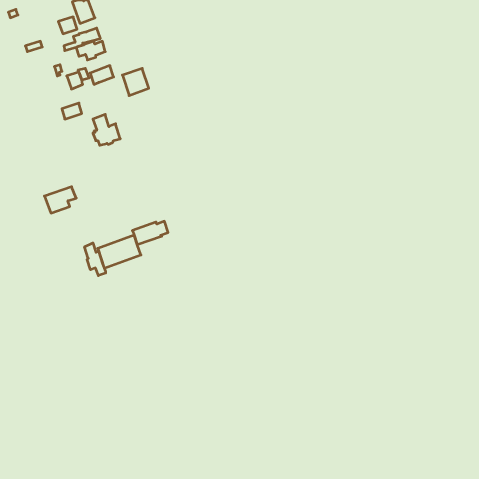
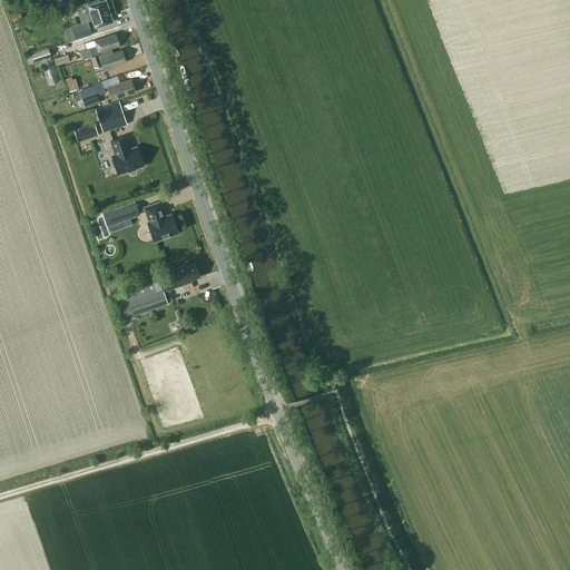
building: [122,68,149,96] -> [96,100,127,132]
building: none -> [145,203,178,240]
building: [44,187,76,213] -> [102,200,140,232]
building: [85,243,106,276] -> none

